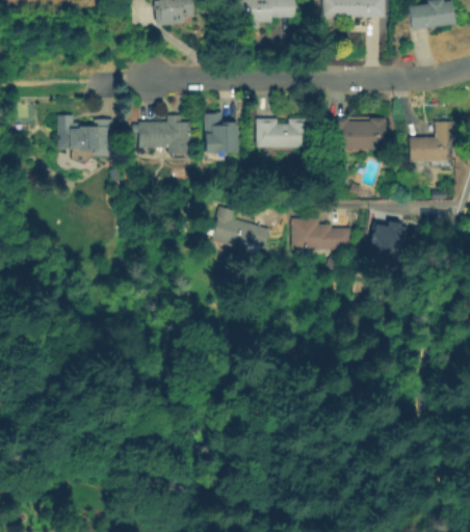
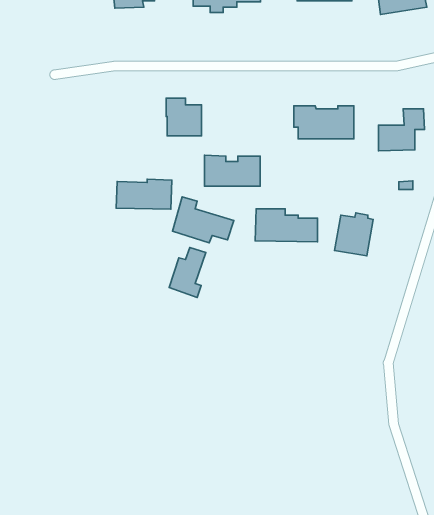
building: [56,115,113,150] -> none
building: [256,117,310,148] -> [205,155,260,186]
building: [137,119,191,149] -> [116,179,172,209]
building: none -> [169,247,206,298]

